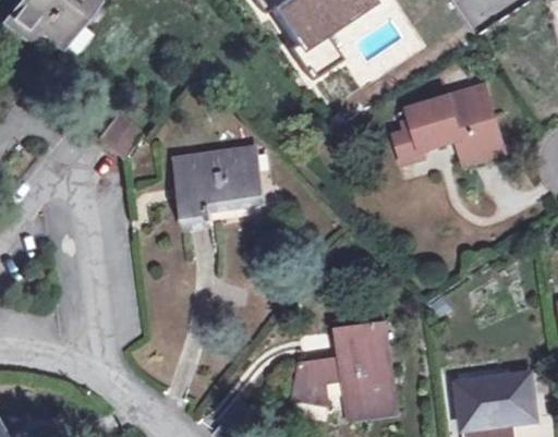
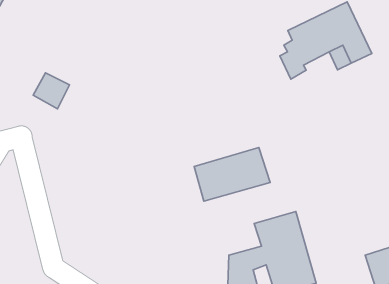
building: [179,149,259,223] -> none
building: none -> [194,147,270,201]

